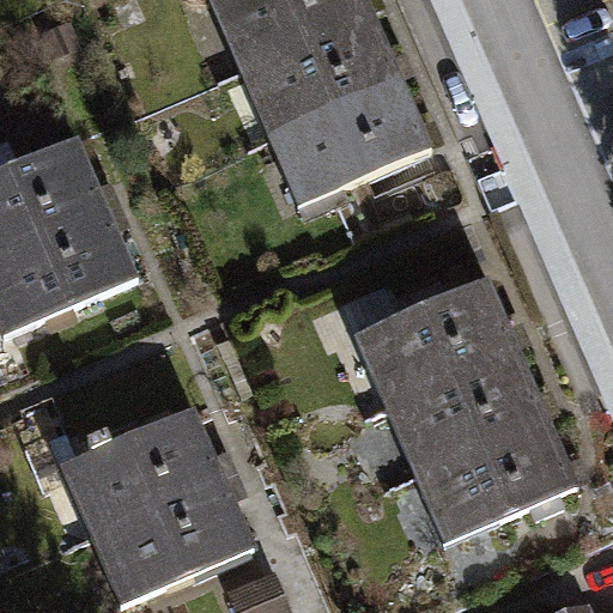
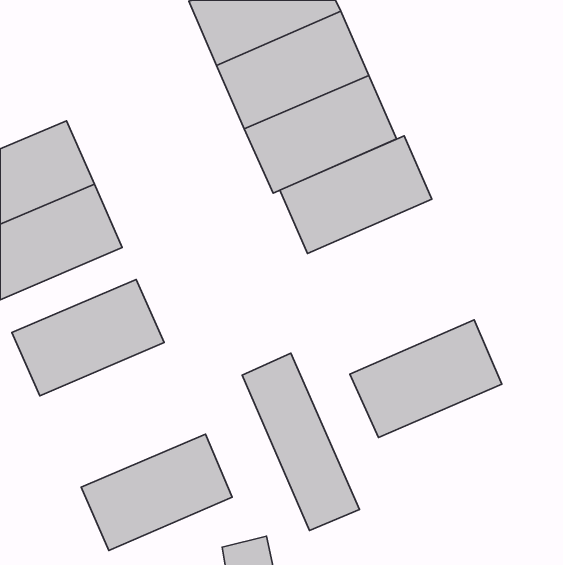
building: [352,279,516,406] -> [280,136,432,254]
building: none -> [242,353,359,531]
building: [62,402,226,528] -> [12,279,164,396]
building: [413,417,576,544] -> none

